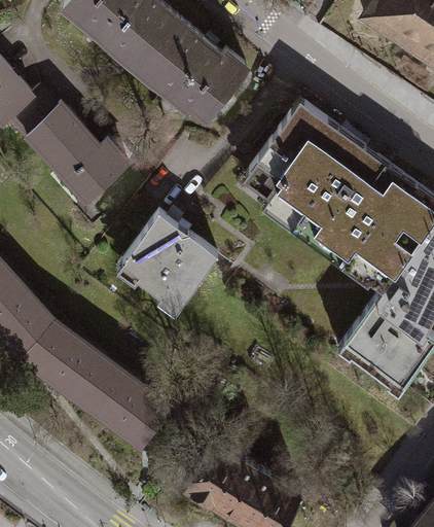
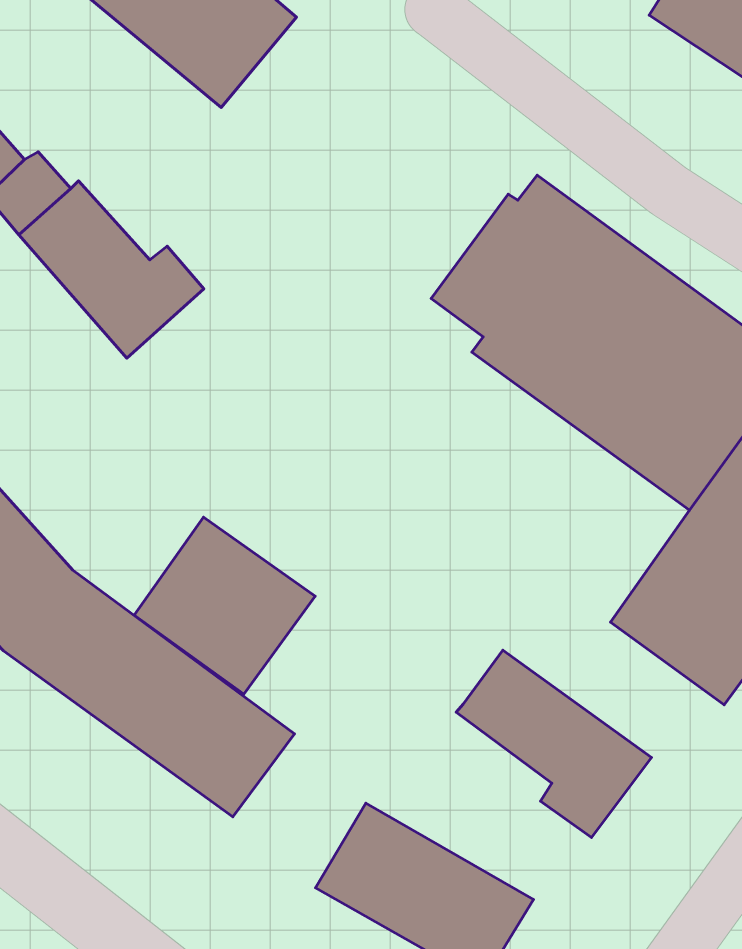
building: [134,22,243,117] -> none
building: [118,215,215,310] -> [134,517,315,694]
building: none -> [456,650,651,837]

